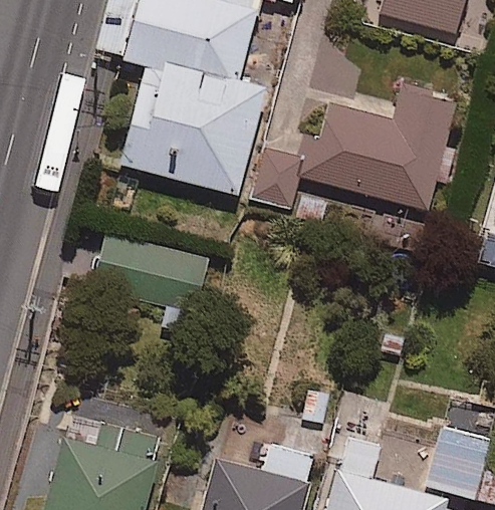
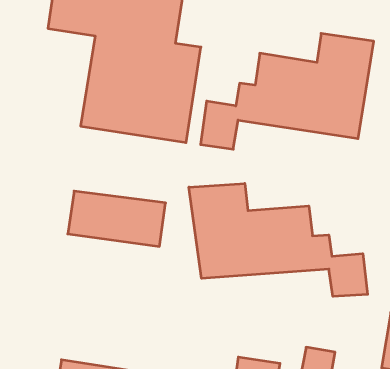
building: none -> [189,183,368,296]

